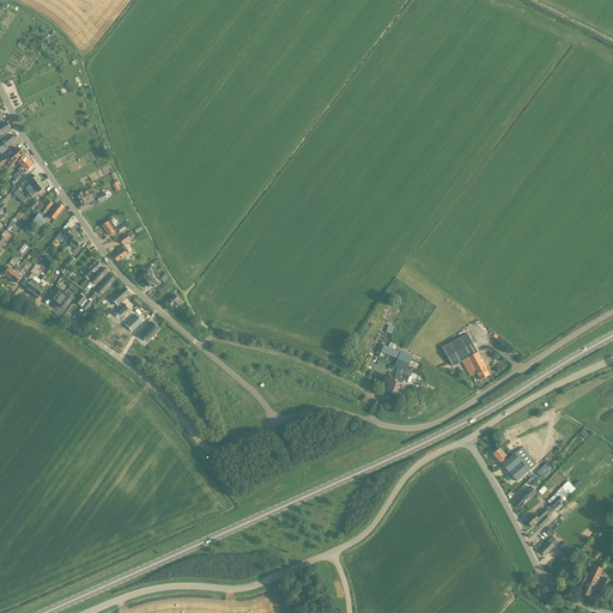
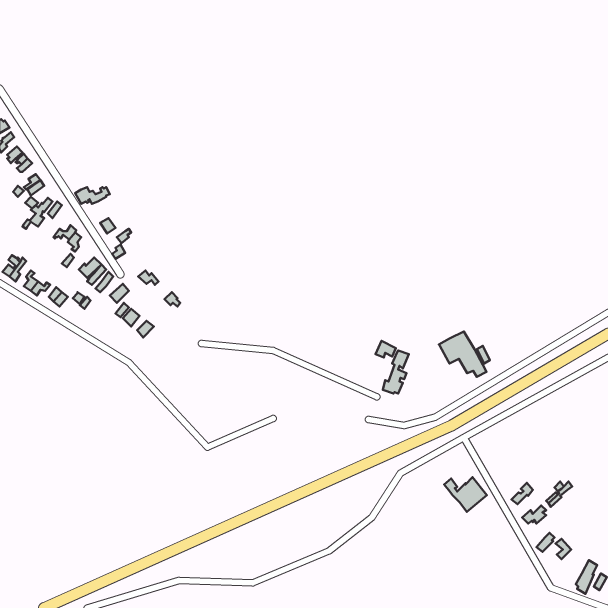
building: [492,445,535,480] -> [444,477,487,512]

